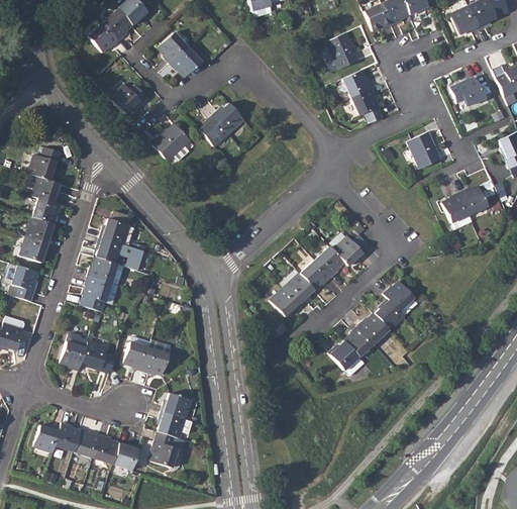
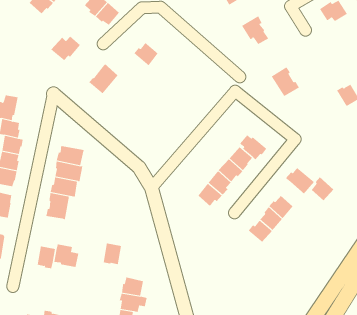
building: [342,70,374,96] -> none
building: [199,114,229,146] -> none
building: [407,130,441,168] -> [271,66,300,97]
building: [442,191,473,229] -> none
building: [375,298,404,329] -> [311,177,334,201]
building: [123,335,151,371] -> none

